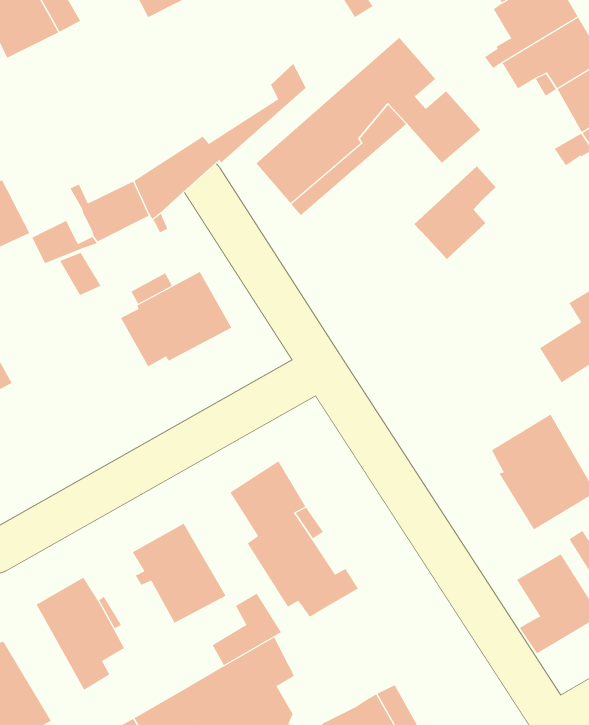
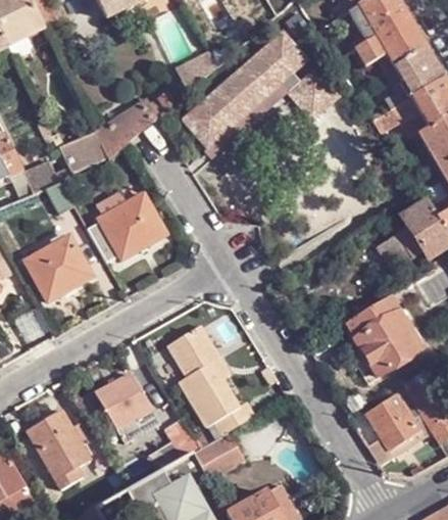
building: [414,165,497,260] -> none
building: none -> [24,235,92,299]
building: none -> [195,431,245,479]

